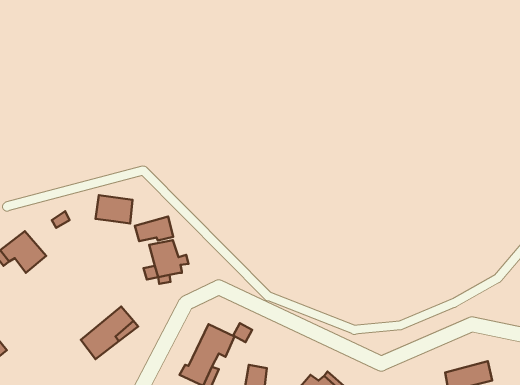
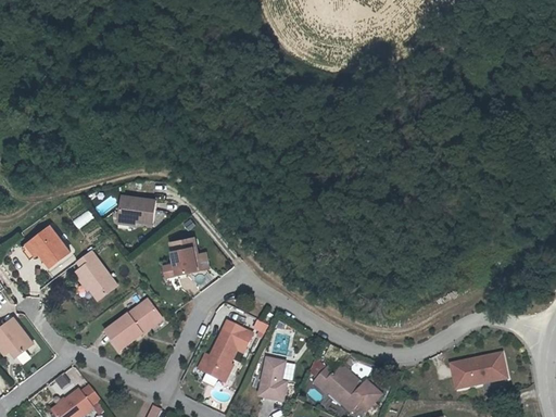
building: [135,217,173,241] -> none
building: none -> [75,252,118,301]

